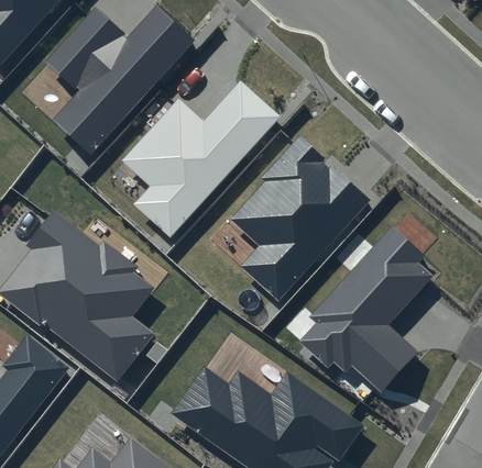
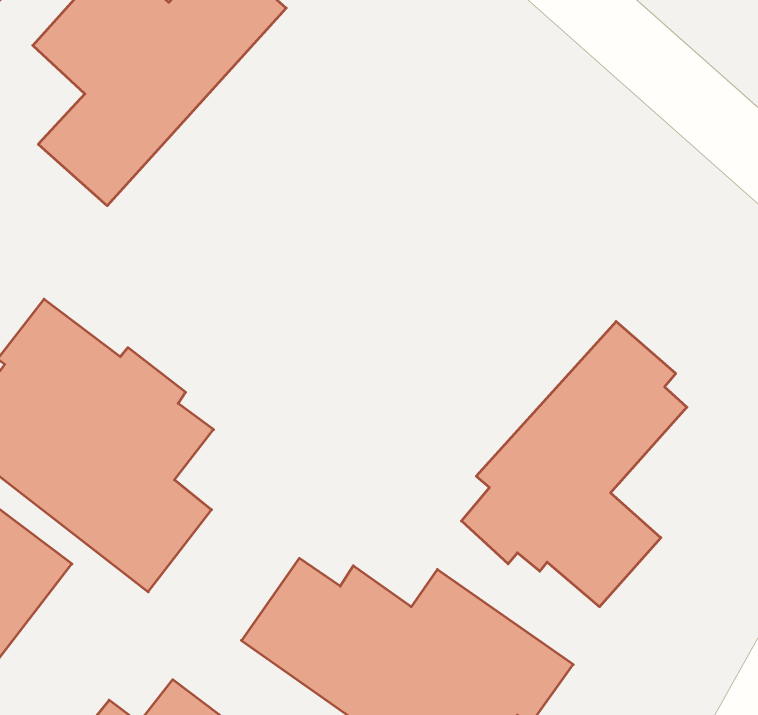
building: [121,83,278,237] -> none
building: [232,135,372,302] -> none

